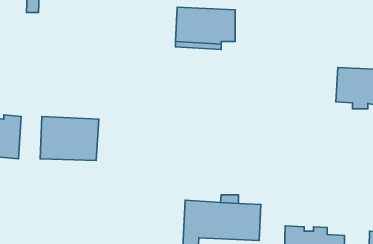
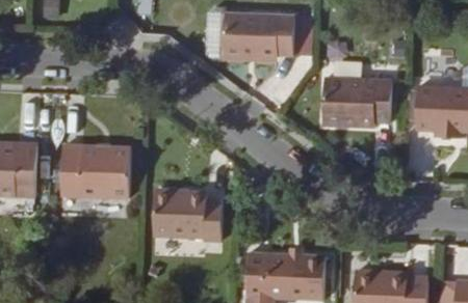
building: none -> [323,83,392,127]
building: none -> [154,189,224,239]

